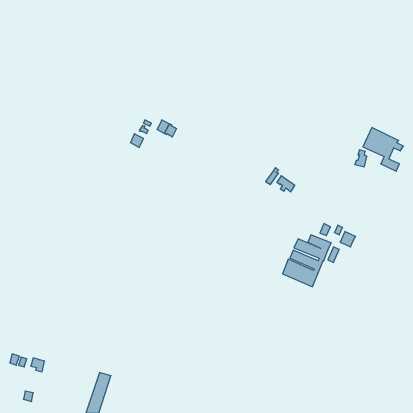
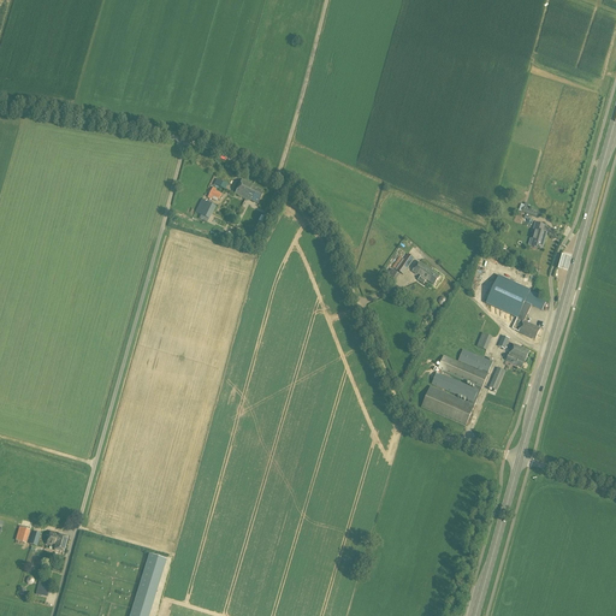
building: [363,127,403,171] -> [485,274,545,339]

